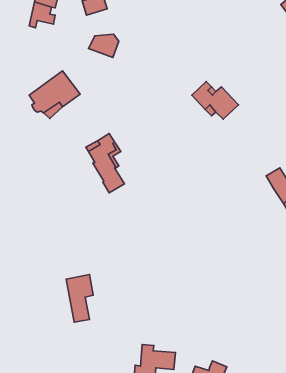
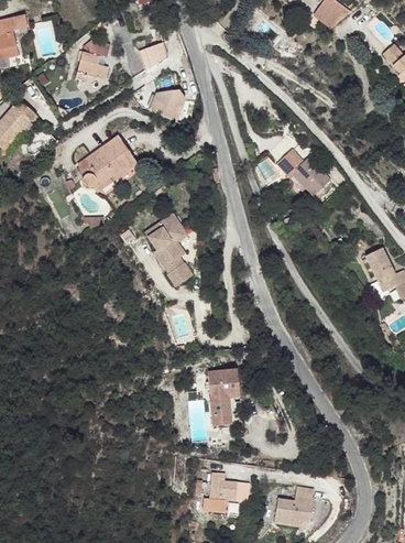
building: [66,275,93,322] -> [205,368,238,426]

